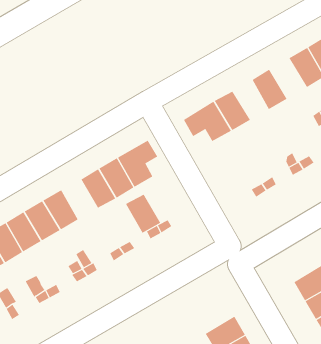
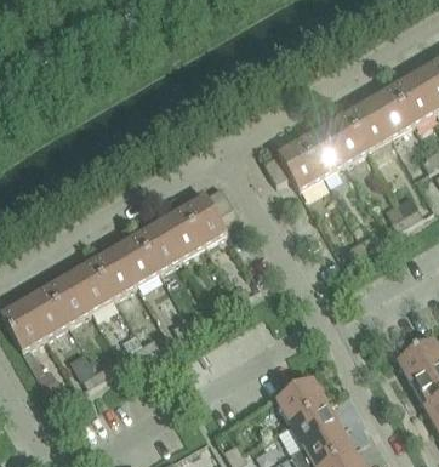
building: none -> [367,86,412,136]
building: none -> [323,113,366,161]
building: [125,194,161,234] -> [114,234,158,283]
building: none -> [275,377,325,422]

